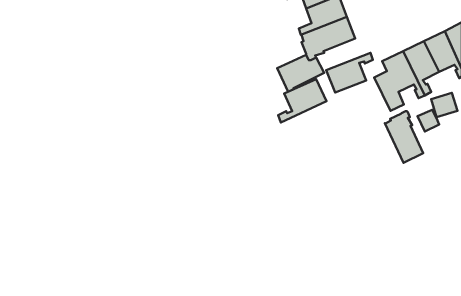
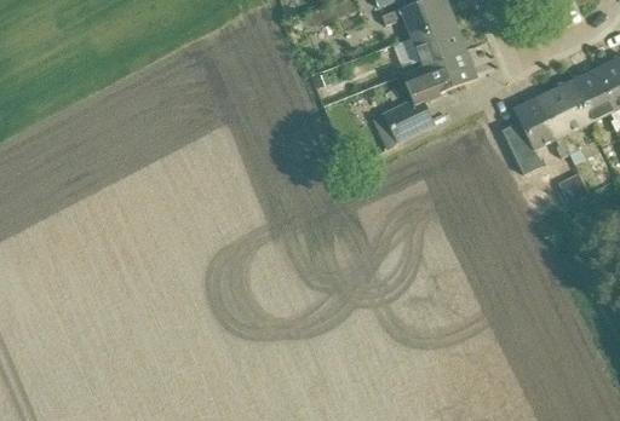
building: [326,53,373,92] -> none
building: [278,79,327,122] -> none
building: [385,111,423,163] -> none

